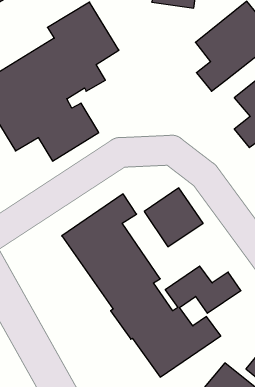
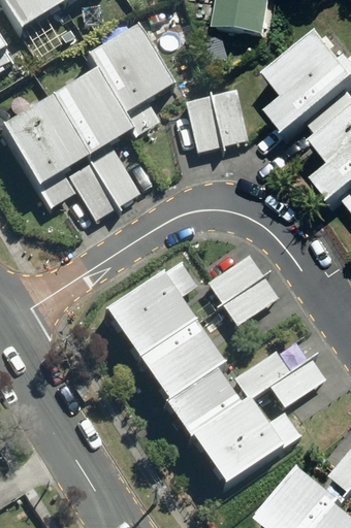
building: none -> [182,89,245,151]

